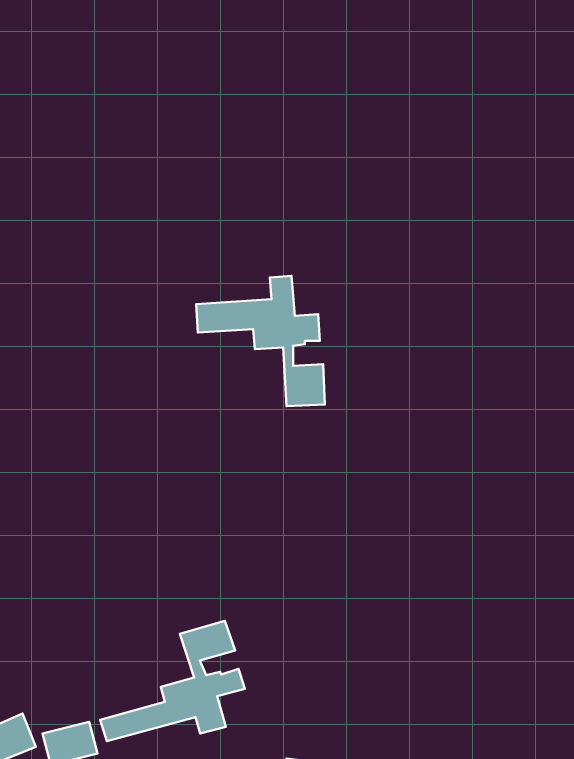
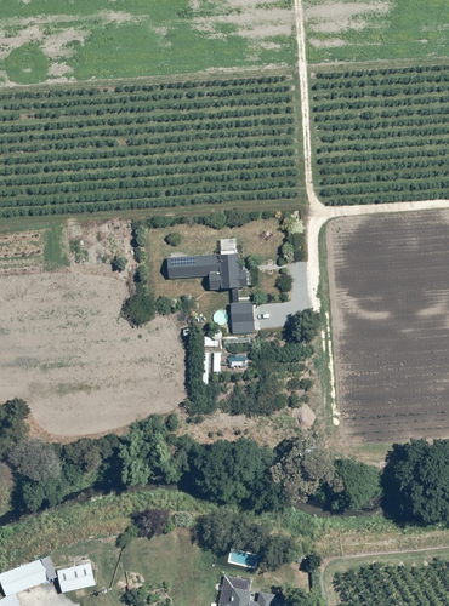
building: [100,621,245,741] -> none

